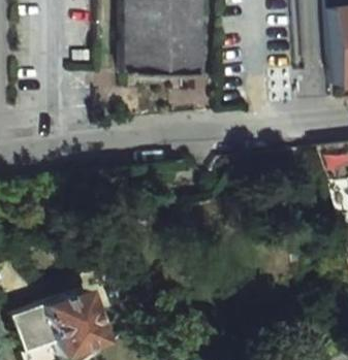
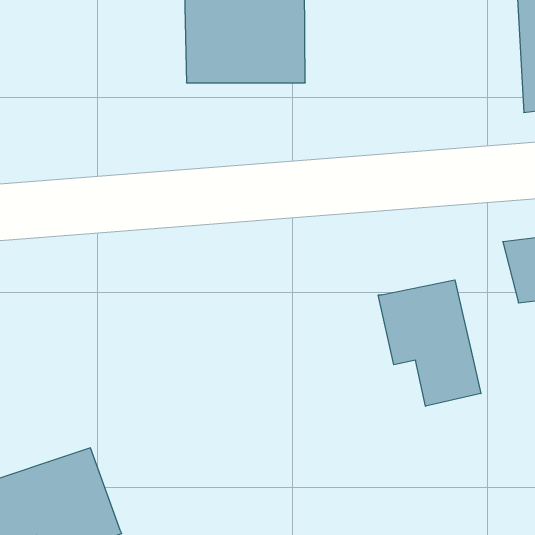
building: none -> [378,280,481,406]

